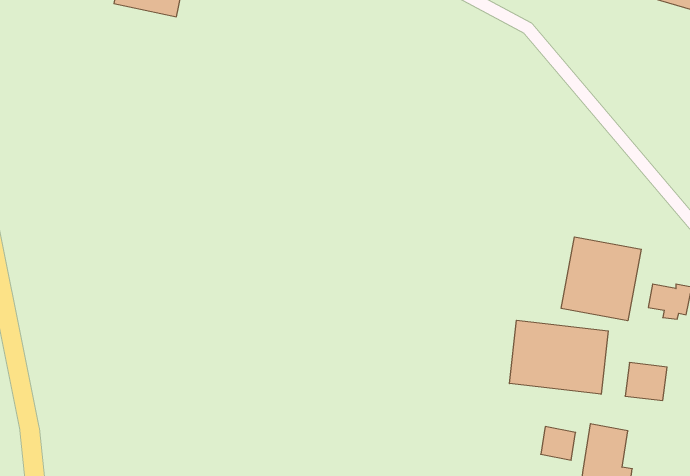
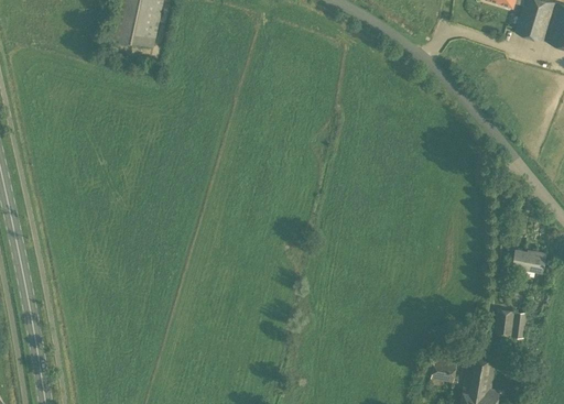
building: [561,237,641,321] -> none
building: [509,320,608,394] -> none

